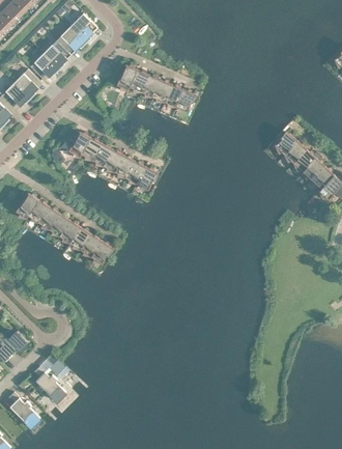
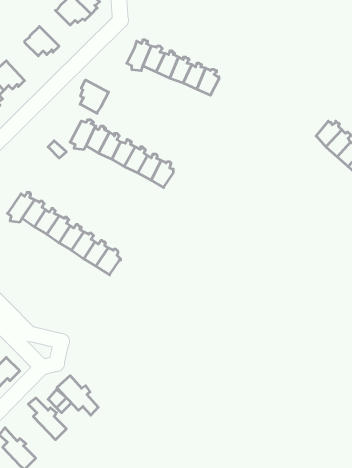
building: [42,40,68,71] -> none
building: [15,69,39,100] -> none
building: none -> [80,80,109,113]
building: none -> [57,376,98,415]

